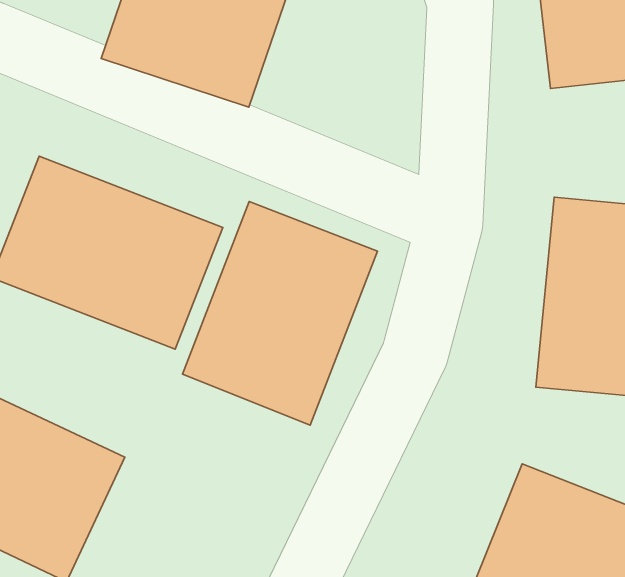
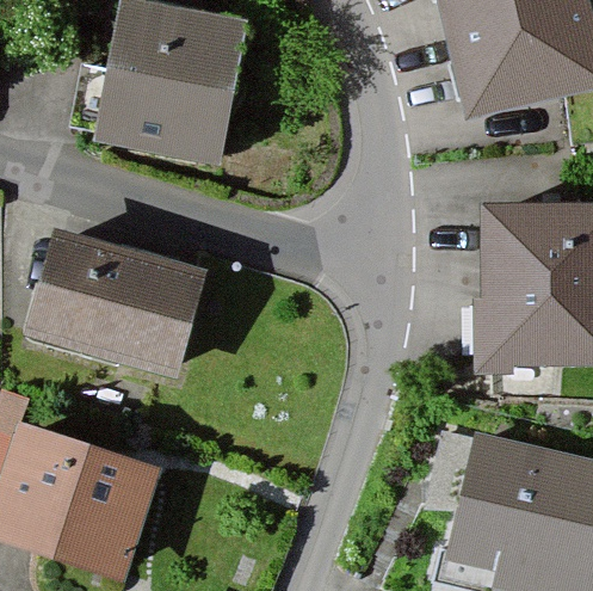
building: [183,201,377,425] -> none

